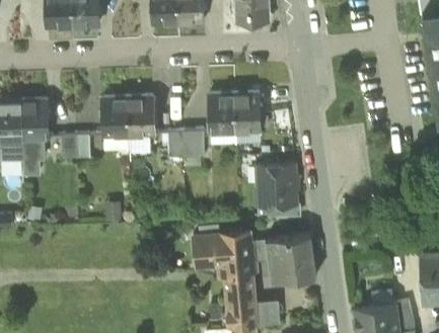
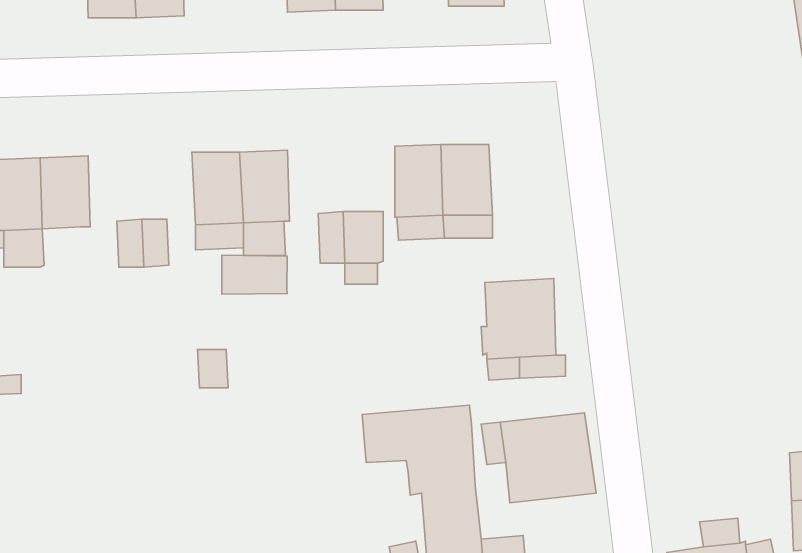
building: [23,137,44,173] -> none
building: none -> [222,255,287,294]

